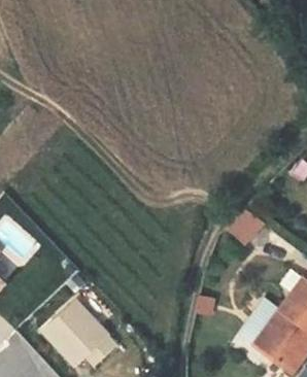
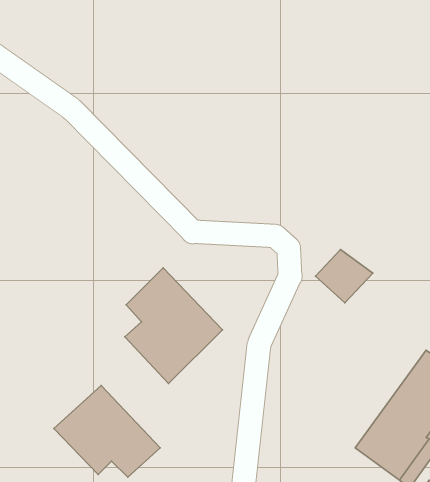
building: none -> [125,268,222,384]

